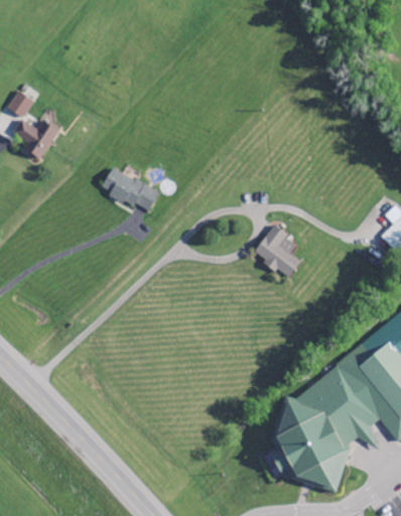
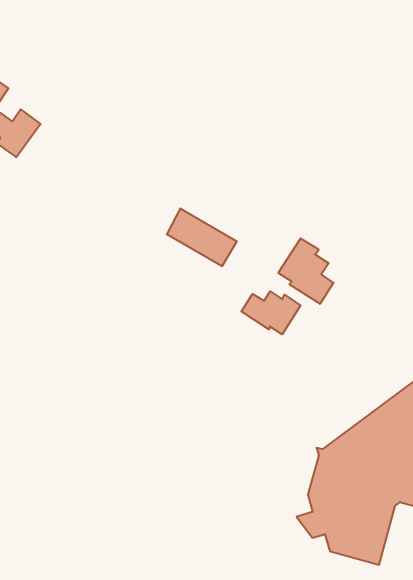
building: [101,166,158,214] -> [167,208,237,266]
building: none -> [241,291,301,334]

